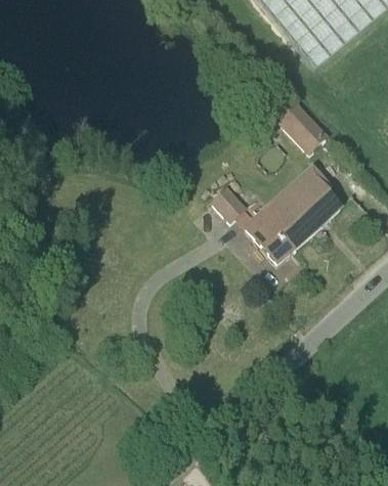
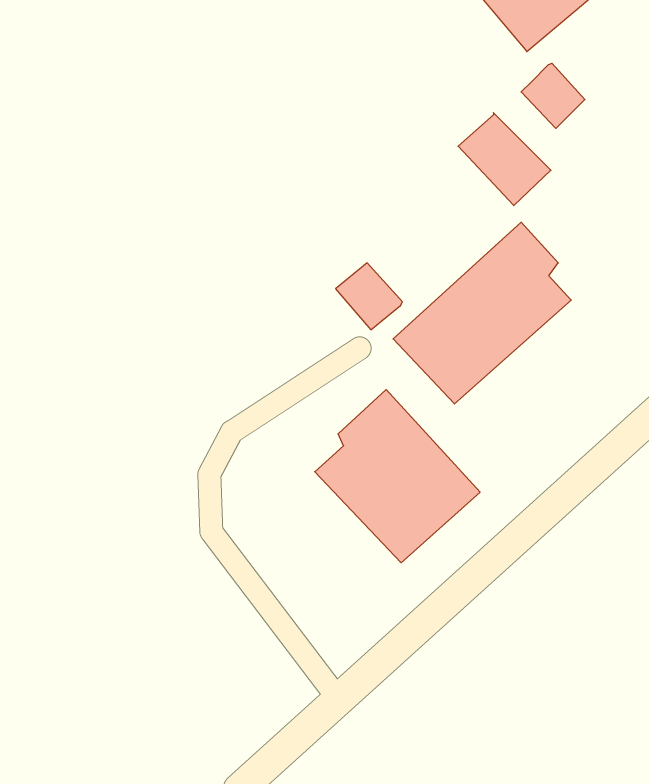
building: none -> [521,63,585,128]
building: none -> [315,390,480,563]

